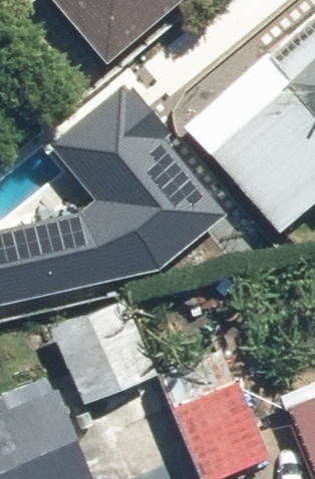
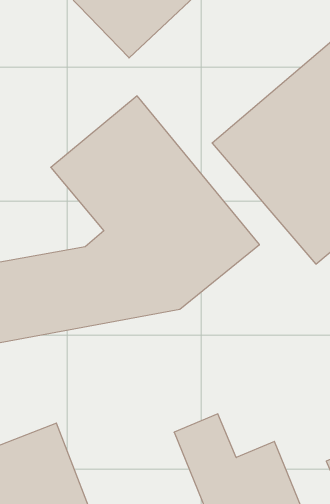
building: [56,288,155,398] -> none

